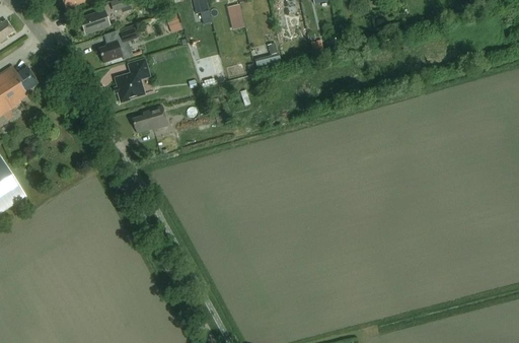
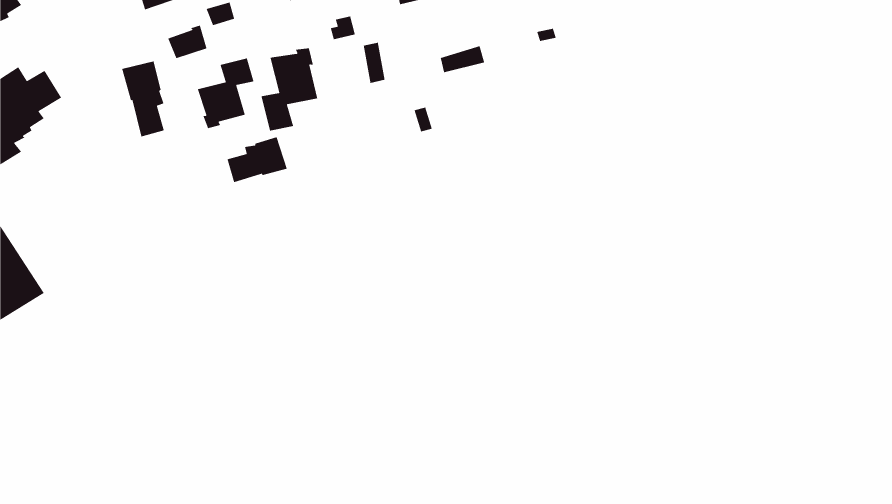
building: none -> [261,48,318,132]
building: none -> [121,61,165,137]

